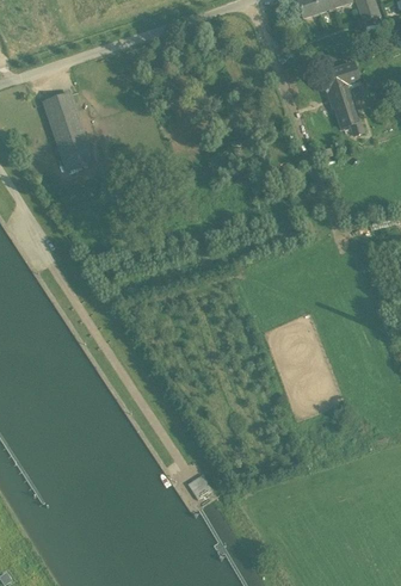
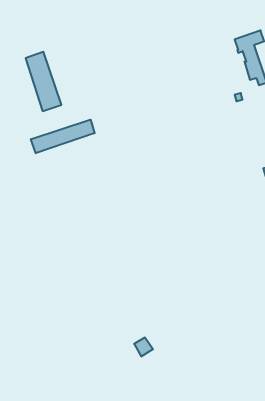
building: none -> [31,120,95,153]

